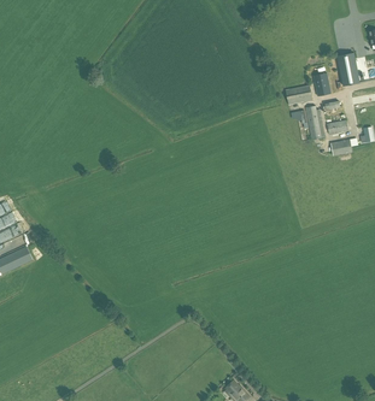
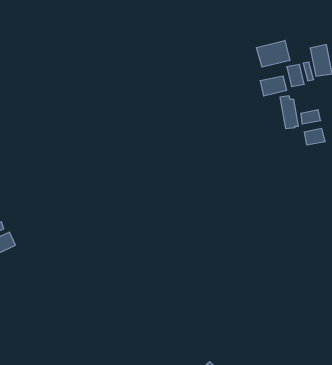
building: none -> [256,40,290,67]

